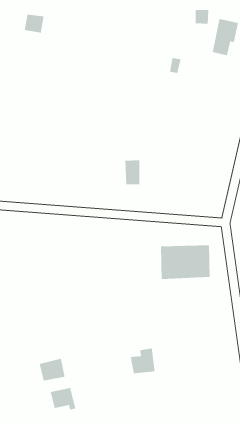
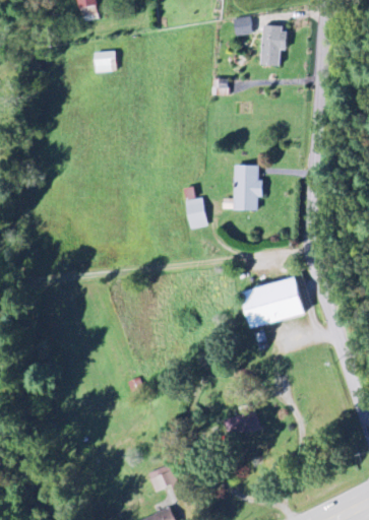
building: [24,14,45,34] -> [95,52,115,72]
building: none -> [233,165,261,209]
building: [39,358,65,382] -> none

